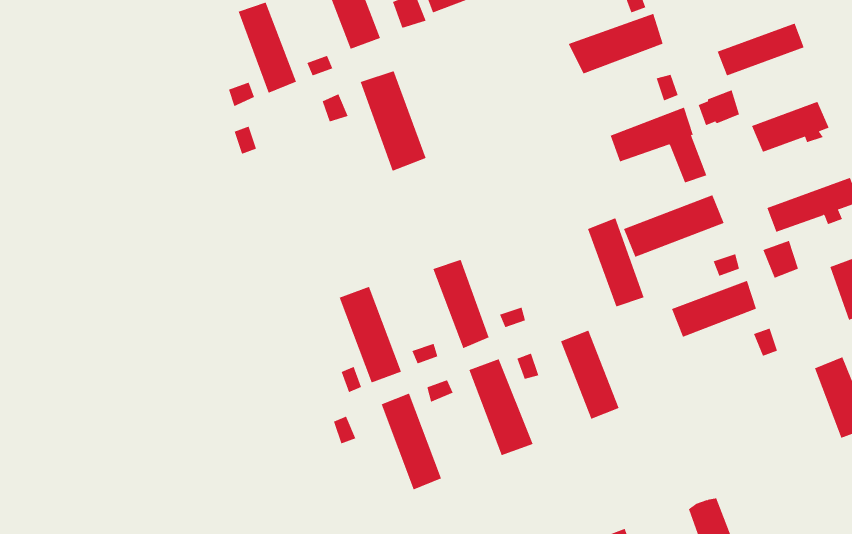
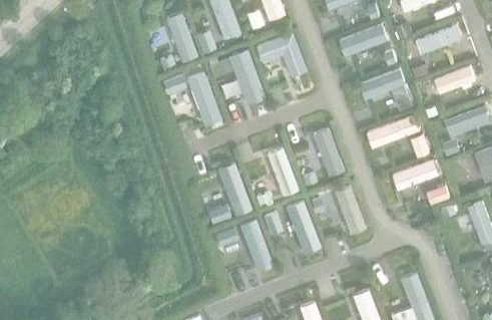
building: none -> [257,33,306,75]
building: none -> [187,74,221,126]
building: [587,217,645,307] -> [314,129,344,177]

